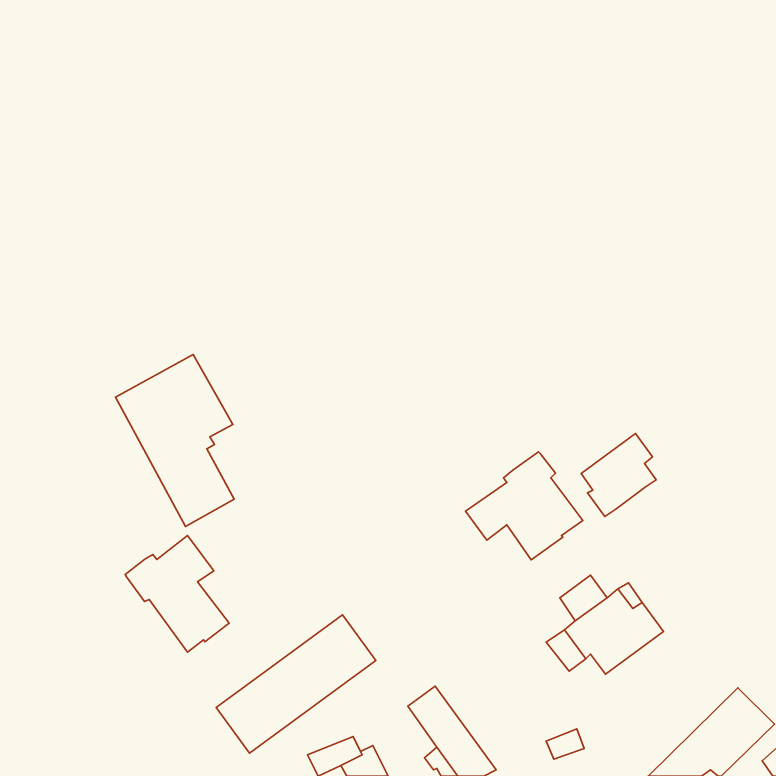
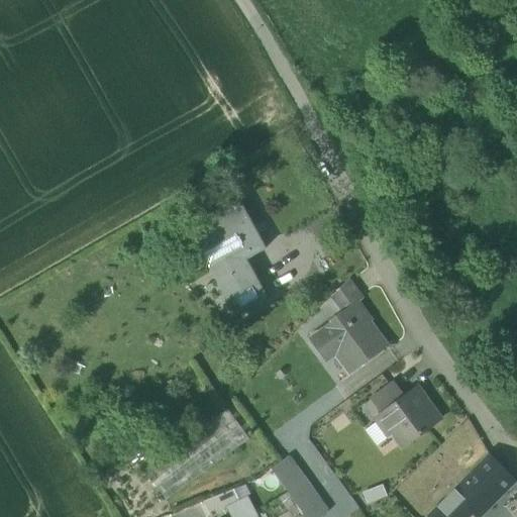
building: [116,355,234,527] -> [190,202,269,316]
building: none -> [330,279,365,312]
building: [581,434,656,516] -> none
building: [125,535,229,652] -> none

